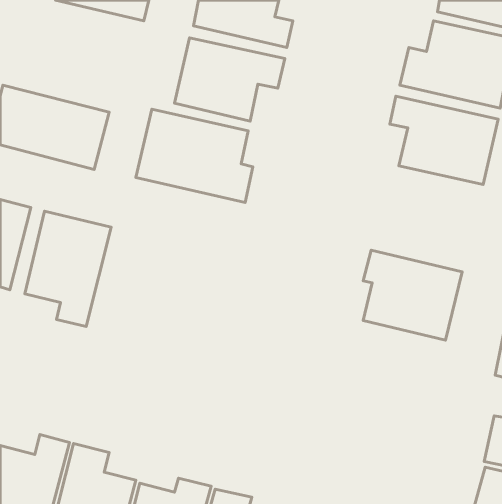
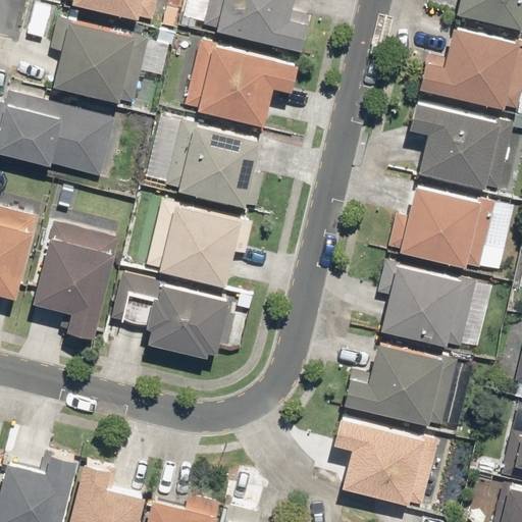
building: none -> [50,15,173,109]
building: none -> [387,181,501,274]
building: none -> [146,200,253,288]
building: none -> [111,272,229,361]
building: none -> [341,338,461,429]
building: none -> [330,417,439,511]

